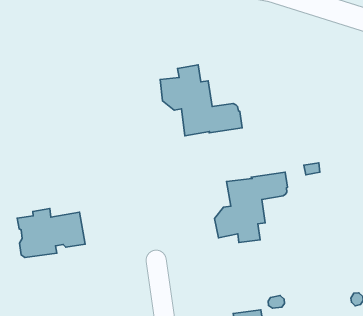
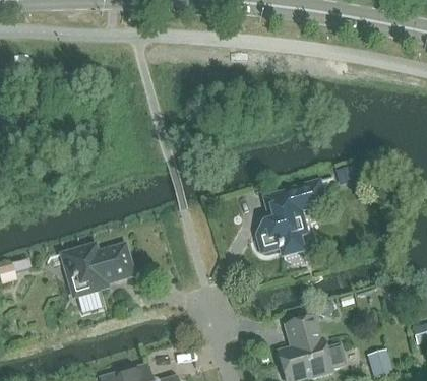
building: [160,65,242,136] -> none

